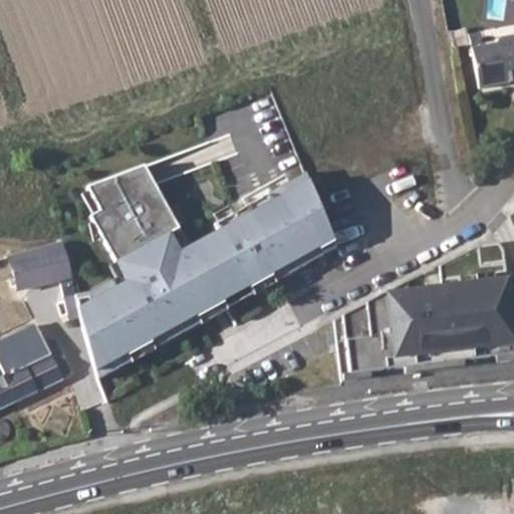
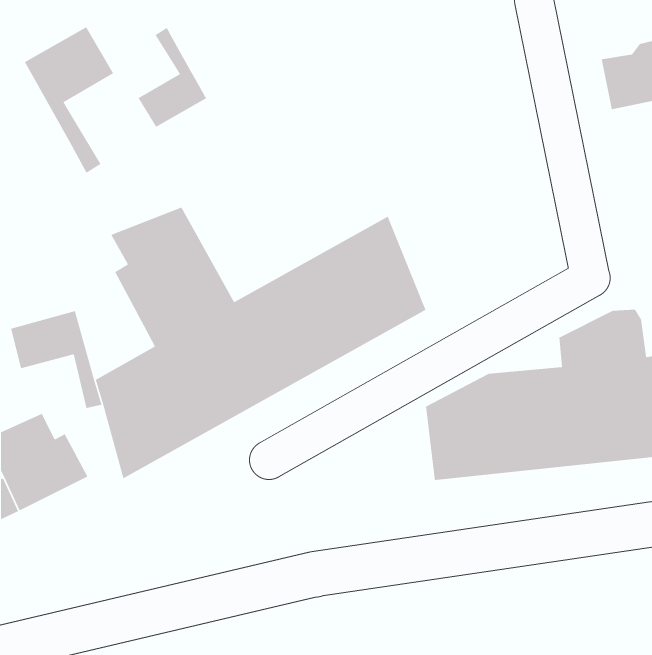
building: none -> [24,26,114,174]
building: none -> [138,27,207,128]

